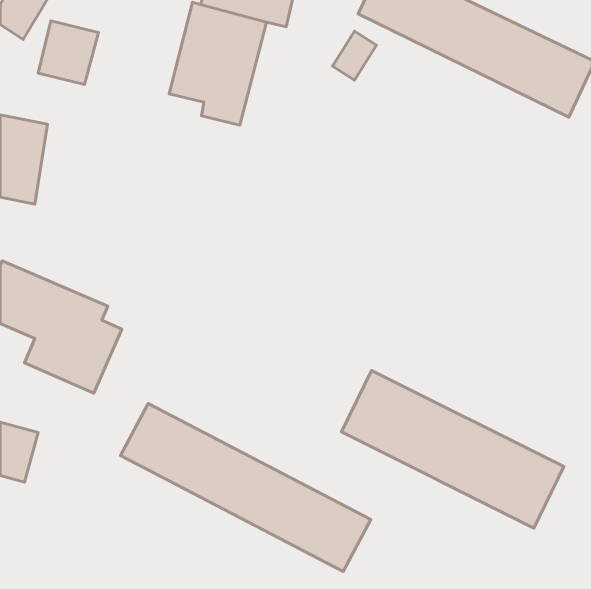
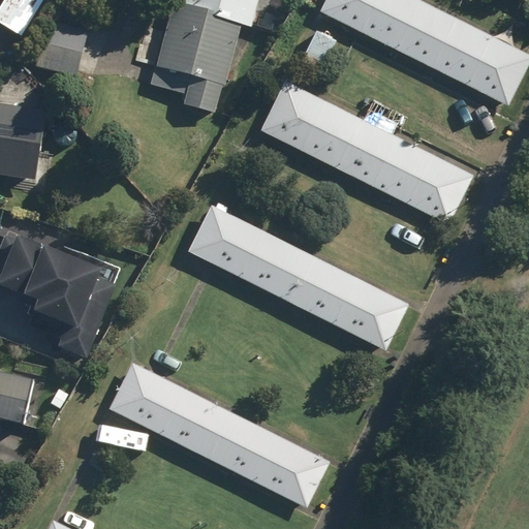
building: none -> [260,81,474,223]
building: none -> [188,205,408,349]
building: [341,370,564,528] -> none

